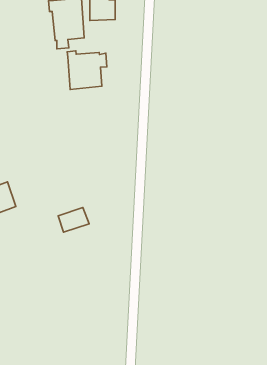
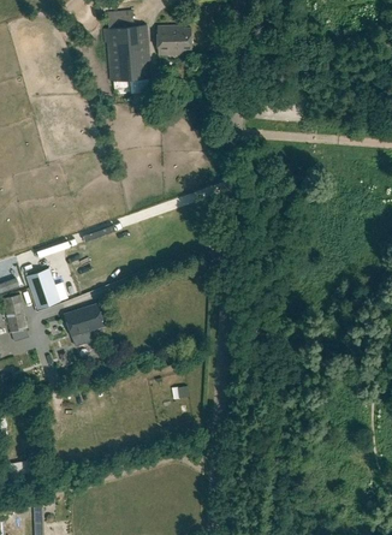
building: [67,51,107,89] -> none
building: [58,208,89,232] -> [65,303,106,335]

